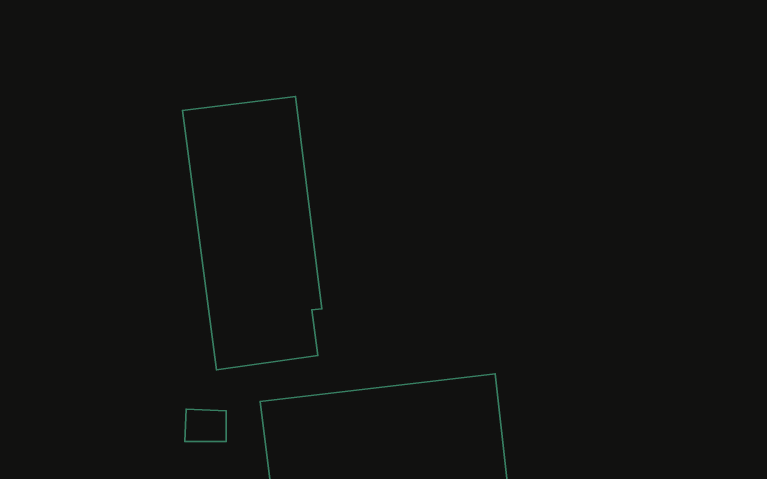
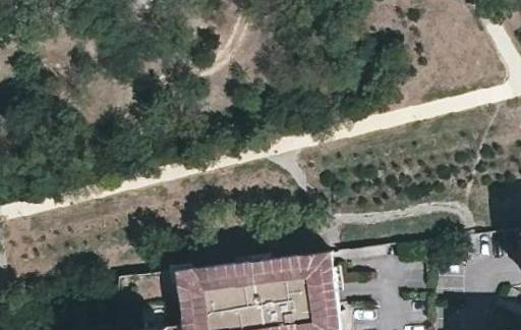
building: [182,97,322,370] -> none

